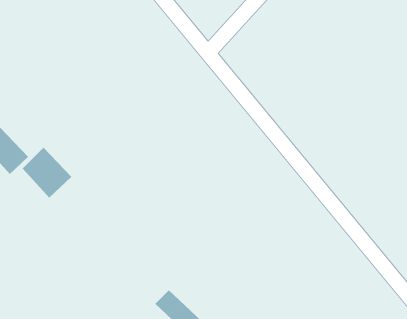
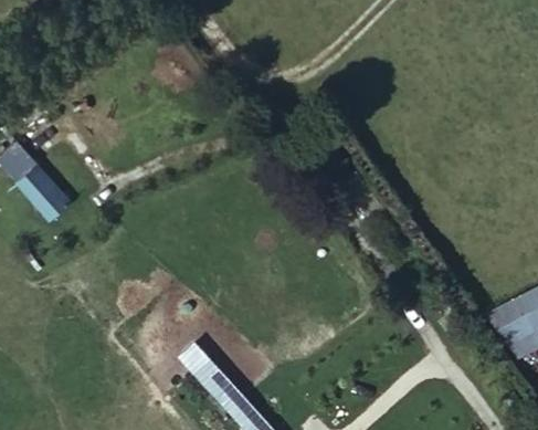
building: [22,147,72,198] -> none

